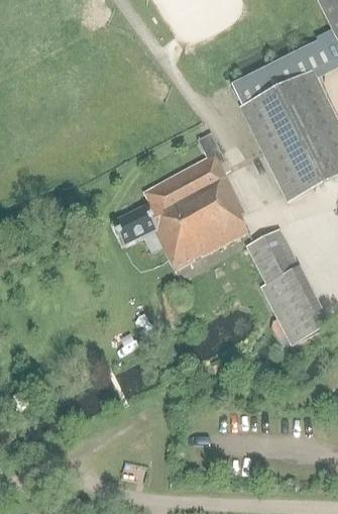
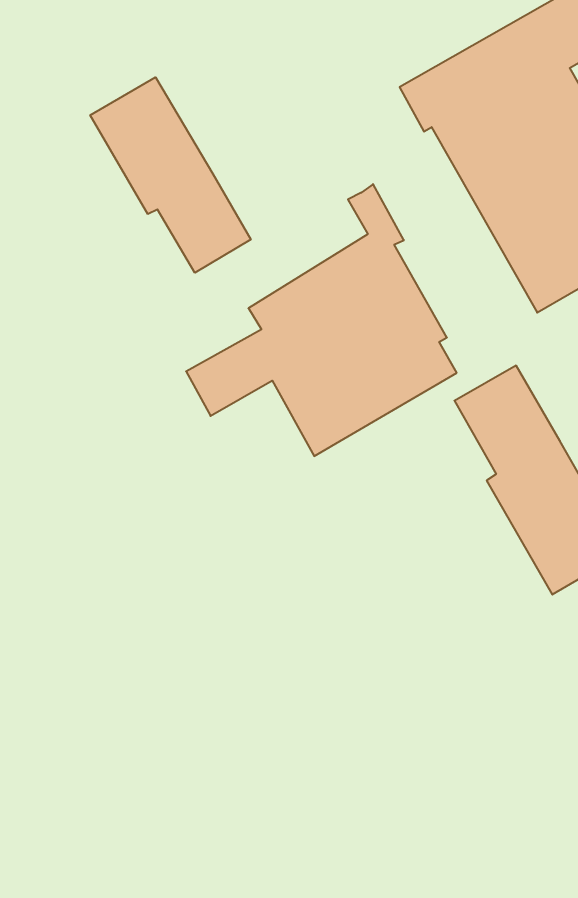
building: none -> [90,77,251,273]

